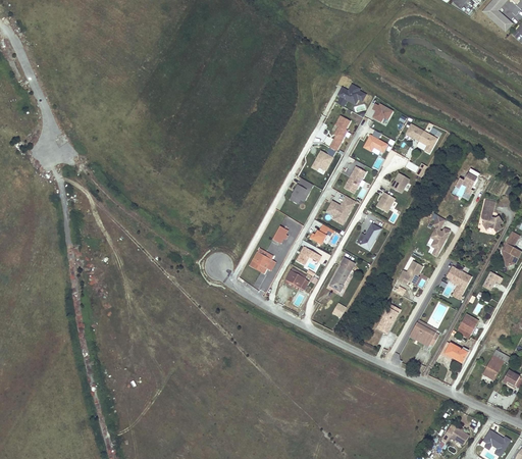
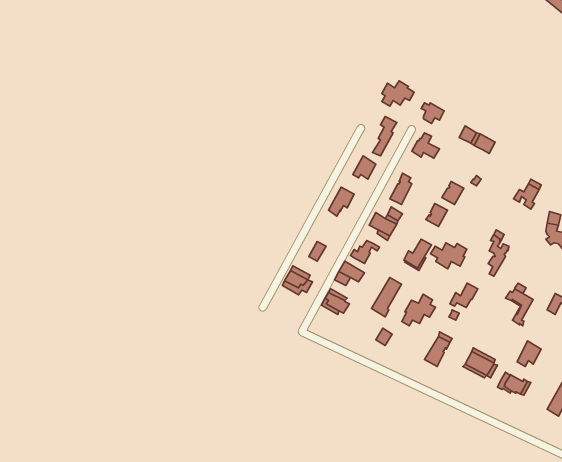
building: none -> [431,243,467,269]
building: none -> [402,294,435,326]

